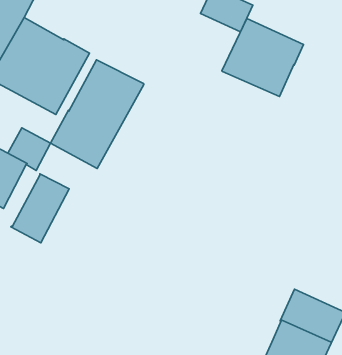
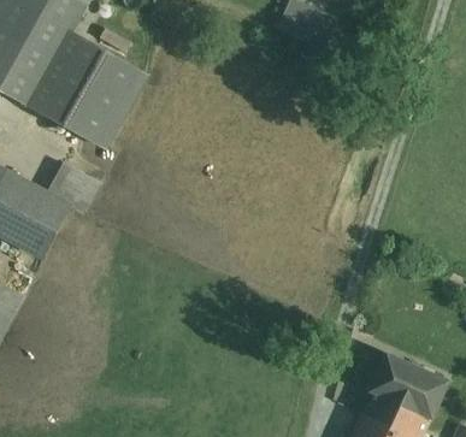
building: [222,18,304,97] -> none
building: [51,60,144,169] -> none
building: [11,174,69,243] -> none

